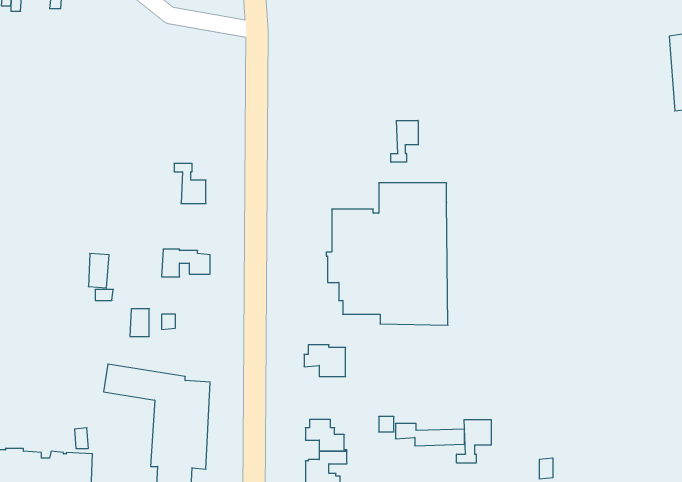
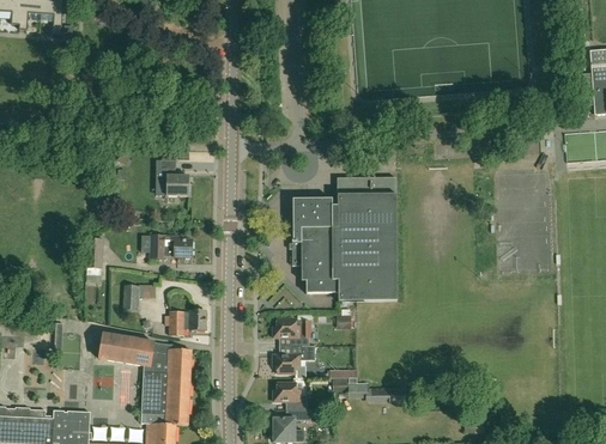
building: [391,120,418,162] -> none
building: none -> [170,310,206,335]
building: none -> [273,345,309,372]
building: [457,420,491,463] -> none

